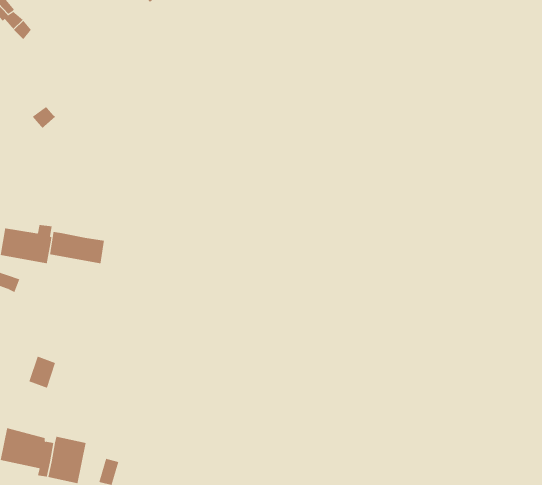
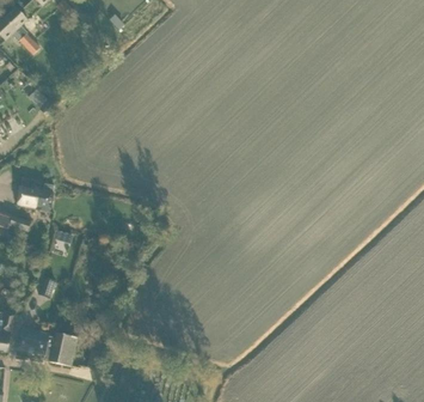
building: [50,231,105,264] -> none

